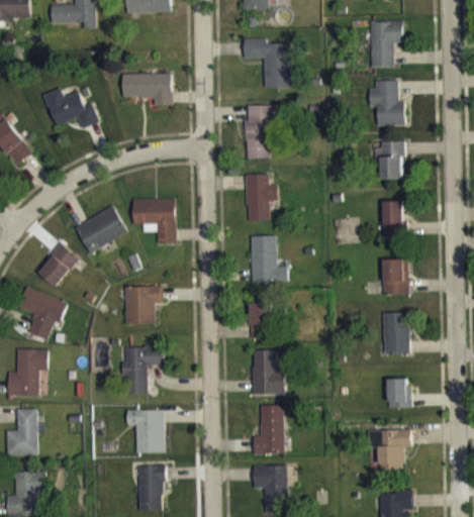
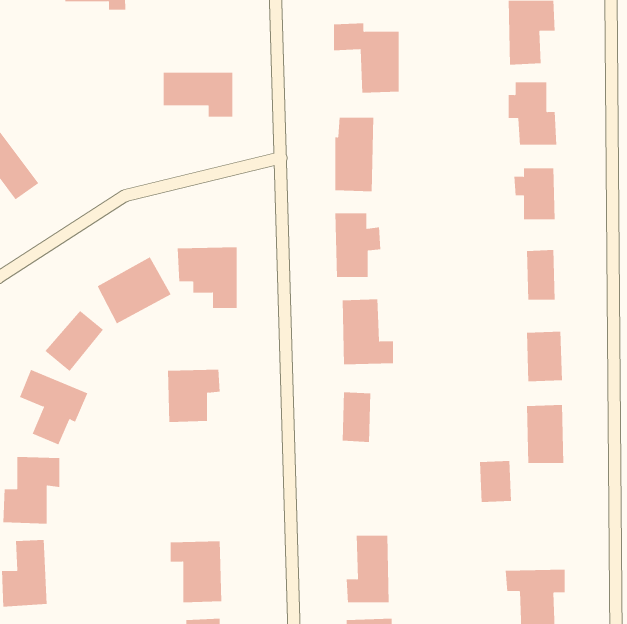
building: [42,88,99,128] -> none
building: [121,345,165,394] -> none
building: [252,349,285,395] -> none
building: [387,378,410,408] -> [479,460,512,503]

